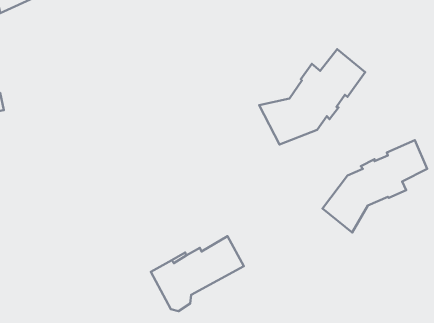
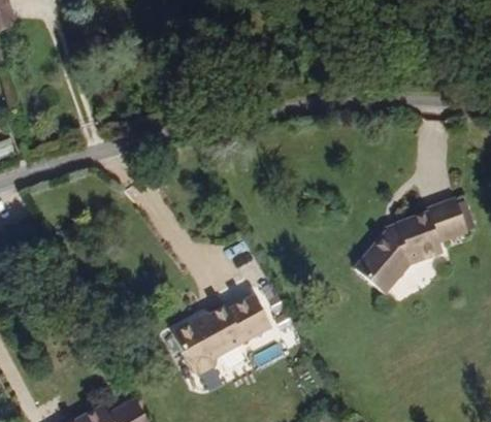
building: [259,49,365,145] -> none

